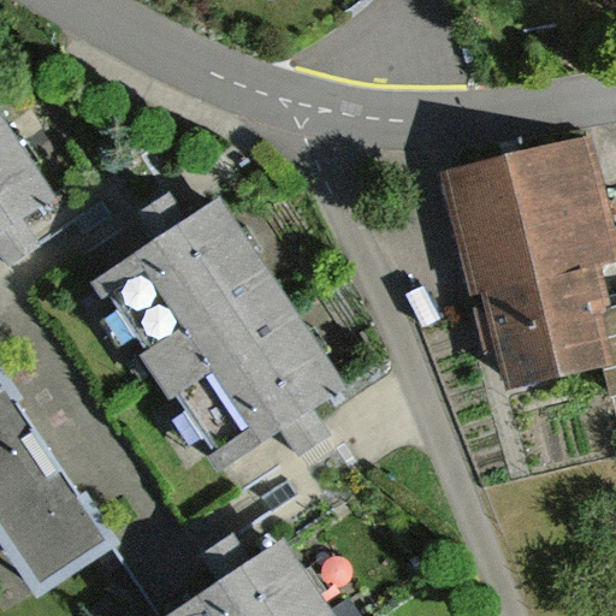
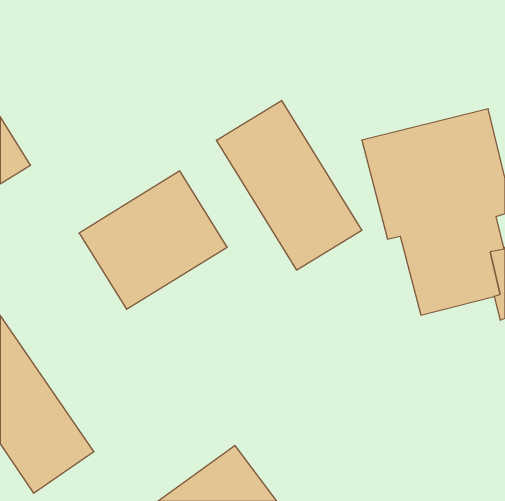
building: none -> [216,100,362,270]
building: [154,301,334,468] -> none

